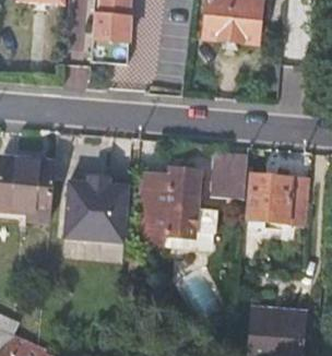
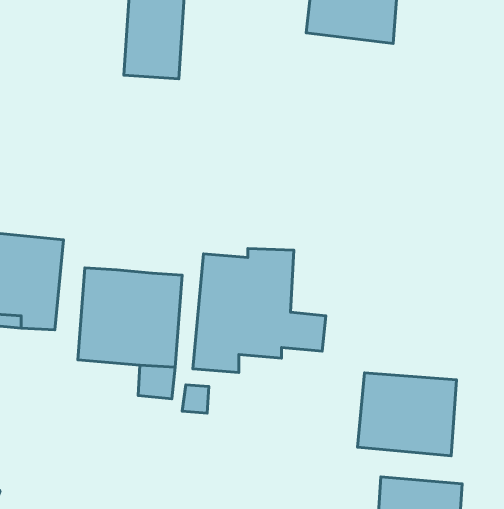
building: [210,153,248,200] -> none
building: [247,174,308,225] -> [357,373,457,456]

